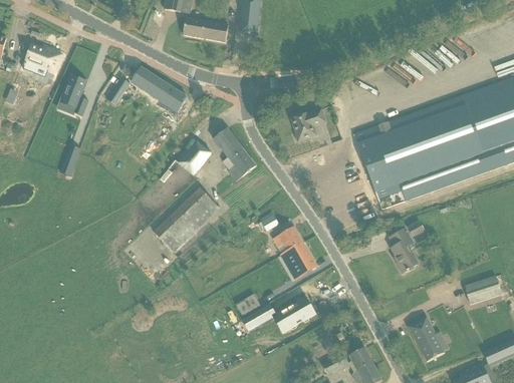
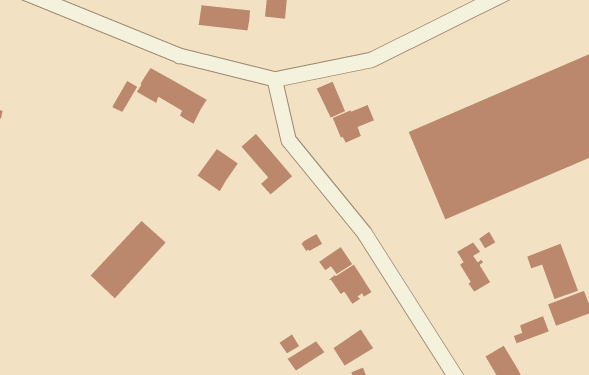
building: [22,42,62,72] -> none
building: [60,74,88,115] -> none
building: none -> [316,81,346,119]
building: [154,187,220,253] -> [90,220,167,299]
building: none -> [526,243,579,300]
building: none -> [513,315,549,344]

